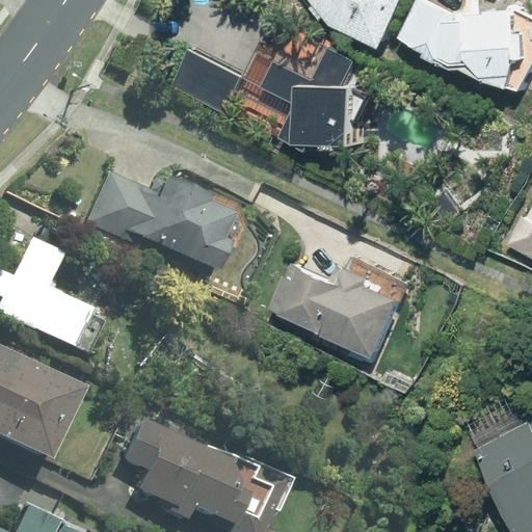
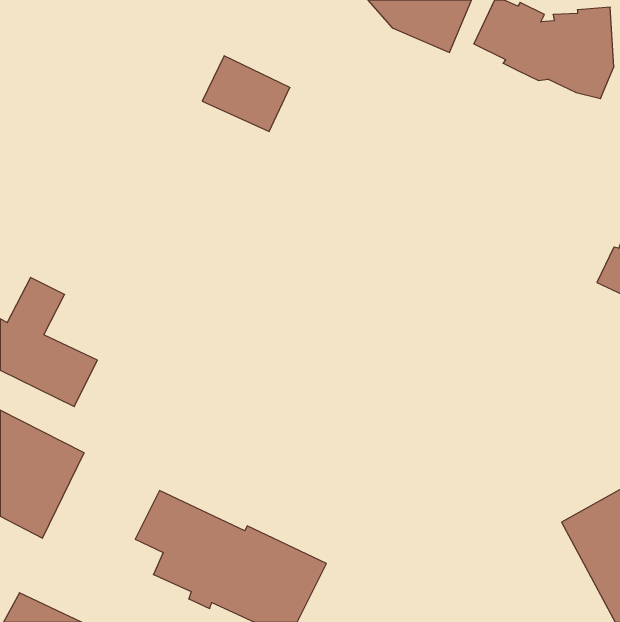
building: [269,45,366,145] -> none
building: [85,171,227,277] -> none
building: [276,261,407,358] -> none

